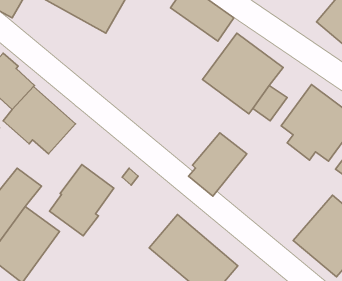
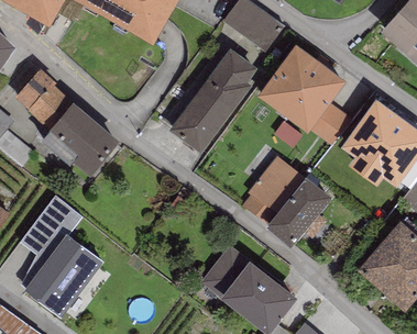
building: none -> [169,48,256,153]
building: none -> [265,177,330,247]
building: [49,165,114,236] -> none

